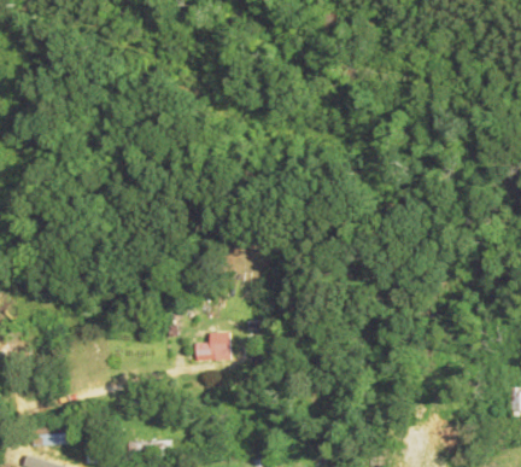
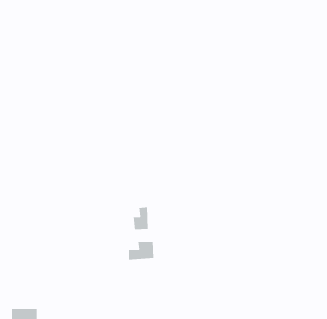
building: none -> [133,206,149,230]

